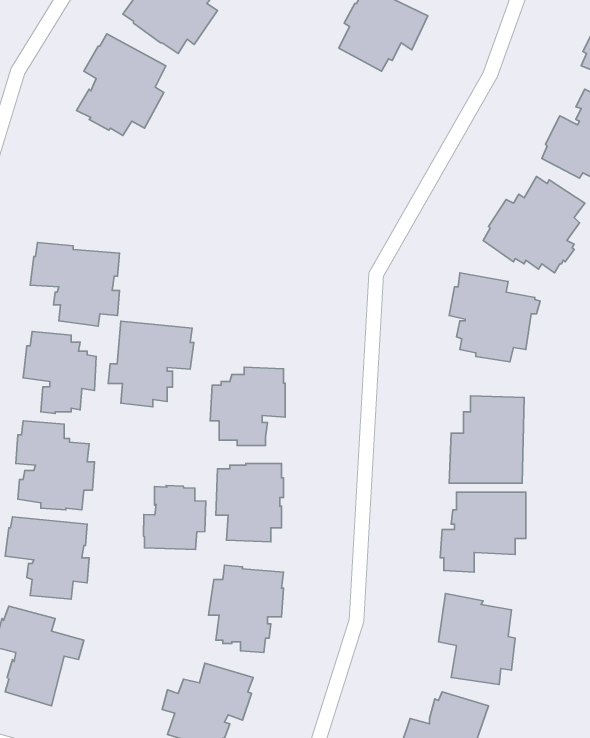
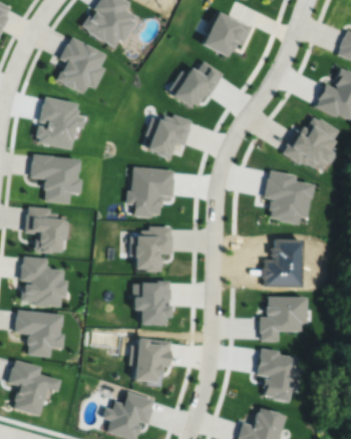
building: none -> [168,61,223,108]
building: none -> [34,97,80,152]
building: none -> [145,114,192,160]
building: [108,321,194,407] -> [126,167,174,215]
building: [143,485,206,550] -> none

